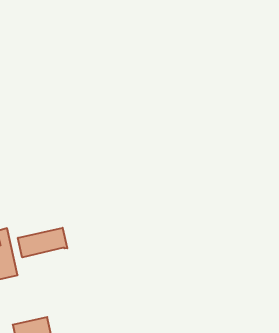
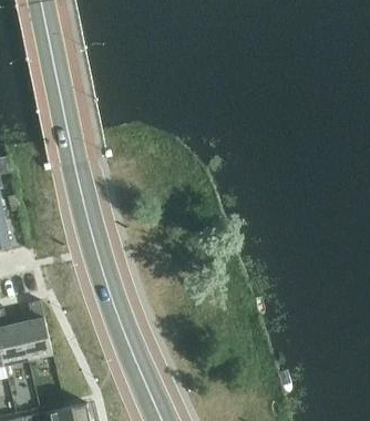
building: [18,228,67,257] -> none

